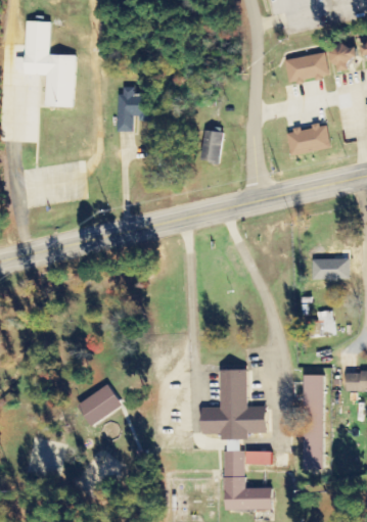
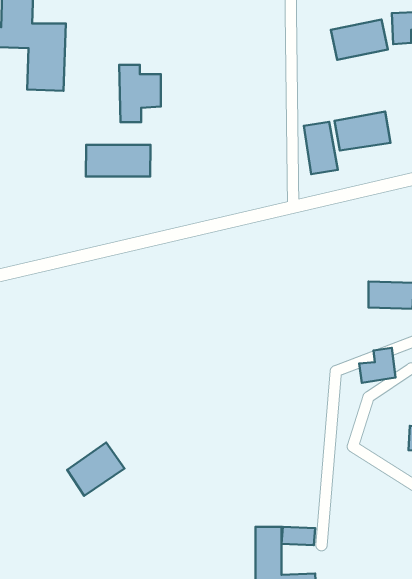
building: [200,130,222,162] -> none
building: none -> [304,122,338,174]
building: none -> [86,145,151,176]
building: [201,369,266,439] -> none
building: [303,374,323,469] -> none

